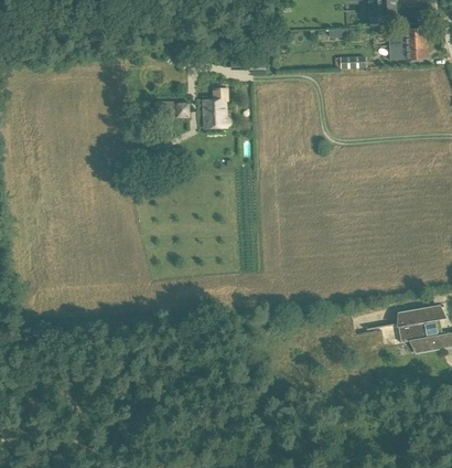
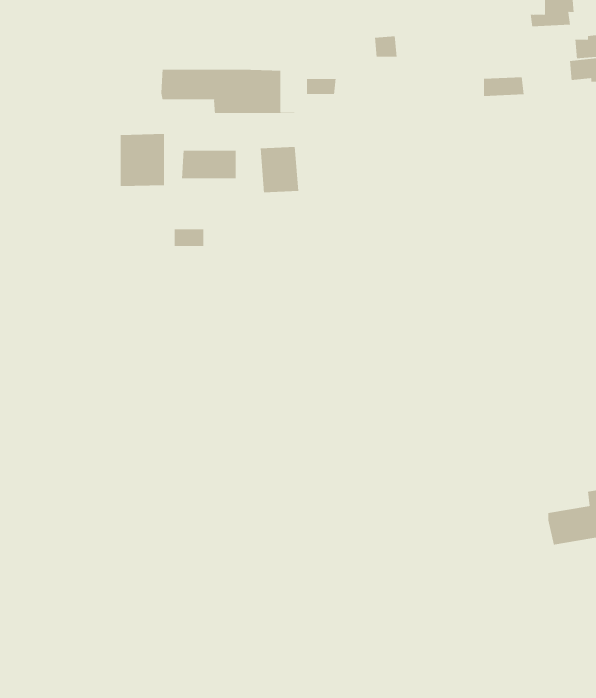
building: none -> [161,69,295,114]
building: none -> [120,133,165,187]

